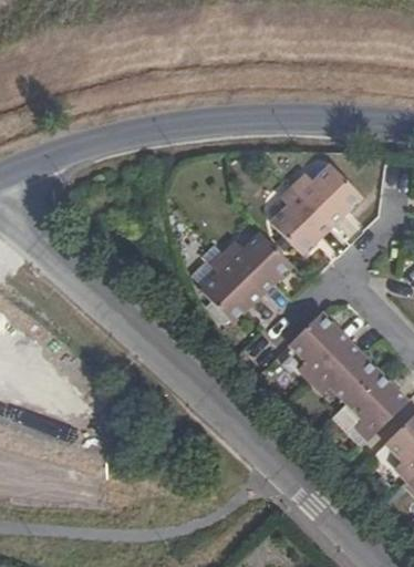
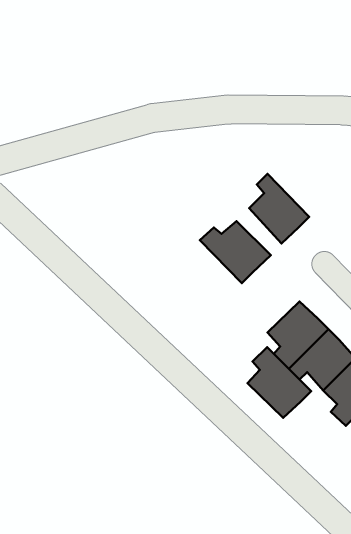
building: [287,162,362,227] -> none
building: [196,251,260,323] -> none
building: none -> [248,347,311,418]

